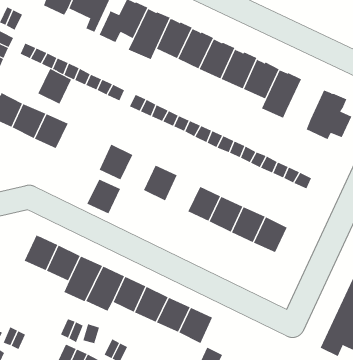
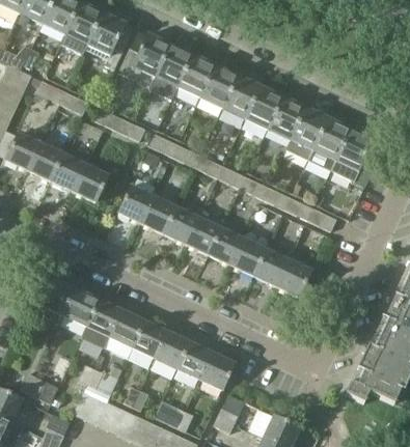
building: [38,68,72,105] -> [75,164,110,201]
building: none -> [308,118,350,170]
building: none -> [187,217,222,254]
building: [87,179,121,214] -> [141,196,176,232]

